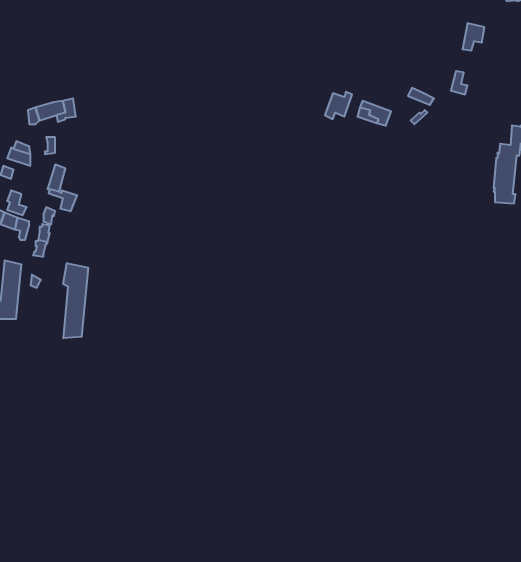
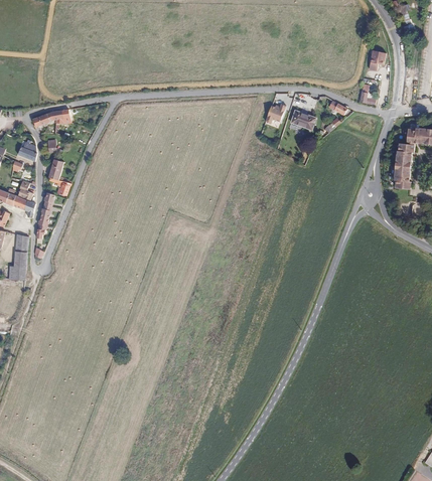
building: [63,263,88,338] -> none

